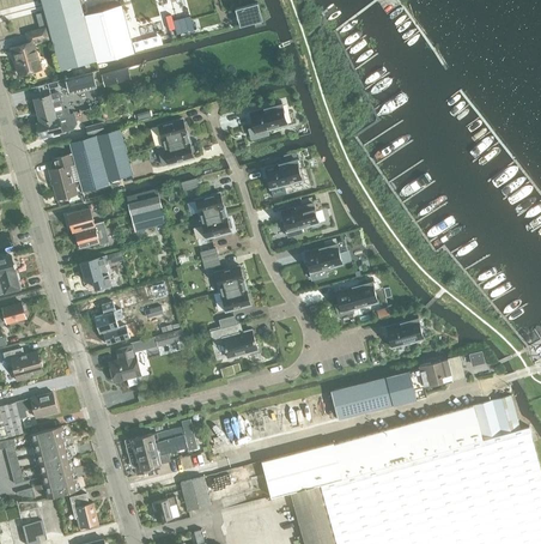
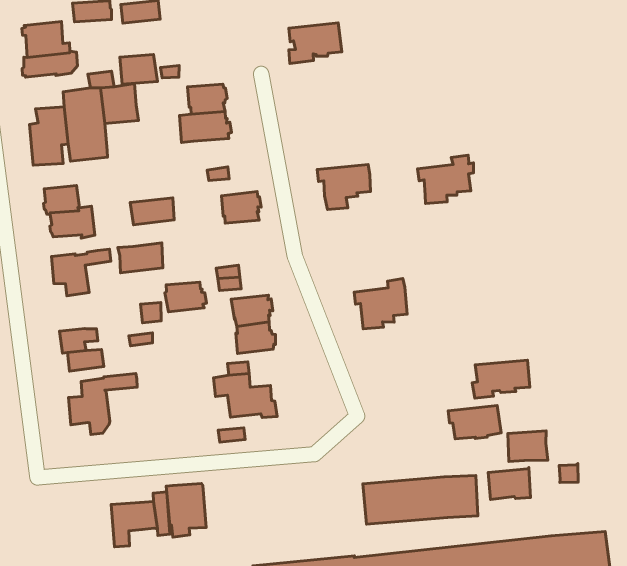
building: [247,104,287,139] -> [289,23,342,63]
building: [103,156,133,181] -> [120,54,157,84]
building: [126,189,160,216] -> [118,243,163,273]
building: [278,198,318,237] -> [418,155,474,203]
building: [201,213,232,238] -> [165,282,206,312]
building: [335,283,377,316] -> [472,360,530,398]
building: none -> [508,431,548,462]
building: [126,434,159,476] -> [166,483,206,537]

